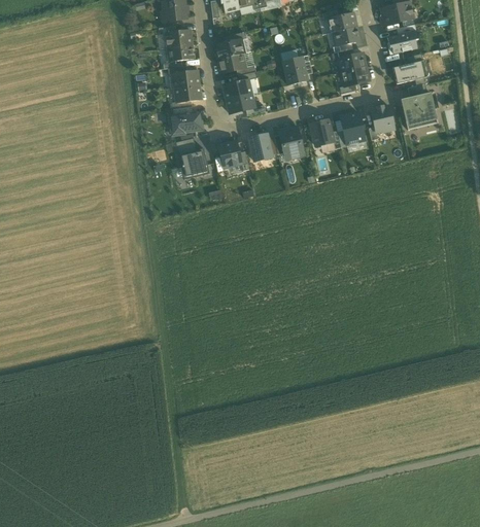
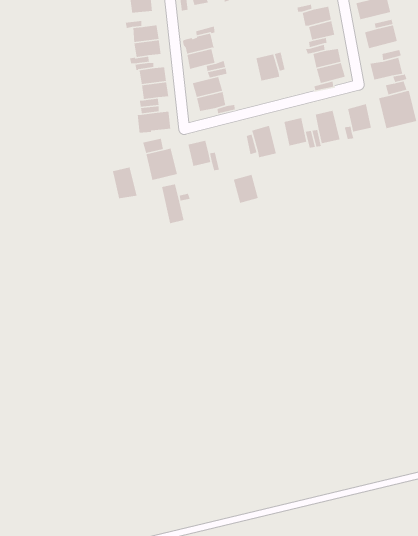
building: [249,133,274,162] -> [233,174,259,204]
building: none -> [112,167,137,199]
building: none -> [161,183,185,224]

